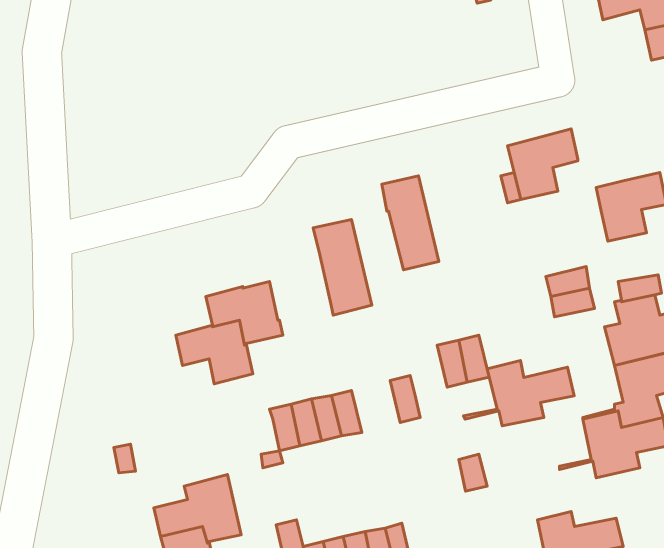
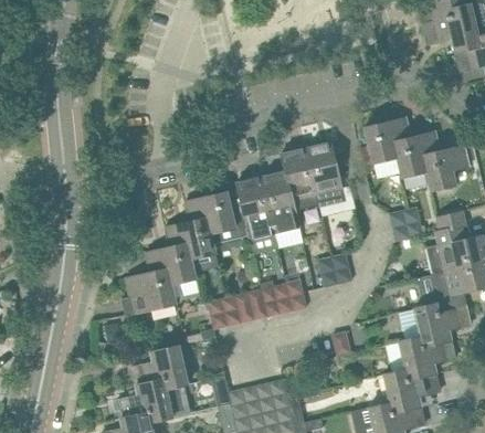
building: none -> [393,131,440,178]
building: none -> [305,142,344,204]
building: none -> [261,171,299,233]
building: none -> [184,192,247,243]
building: none -> [122,268,175,316]
building: [464,361,574,426] -> [382,336,455,379]
building: none -> [260,282,293,317]

